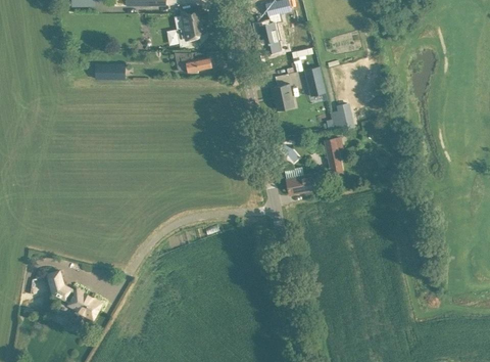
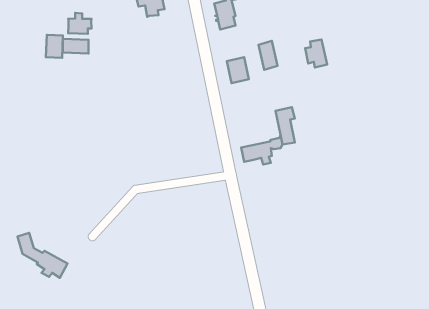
building: none -> [68,13,92,34]
building: [176,52,211,73] -> none
building: none -> [46,35,63,58]
building: [331,102,354,132] -> [305,40,327,67]

